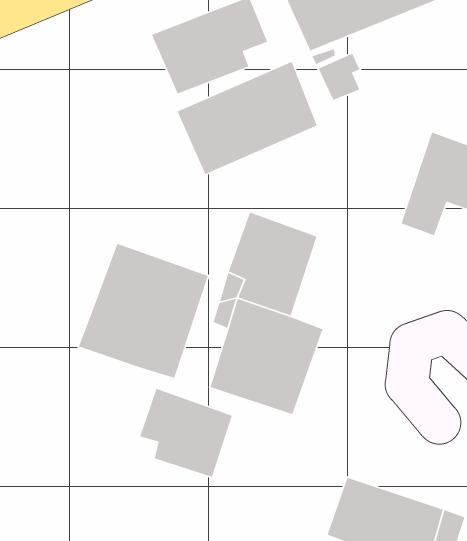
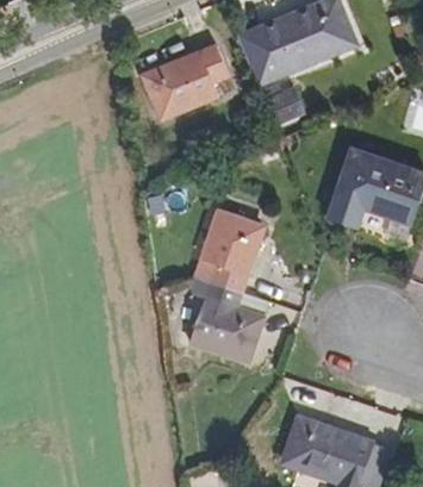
building: [176,61,318,175] -> none
building: [78,243,209,379] -> none
building: [139,388,233,478] -> none

